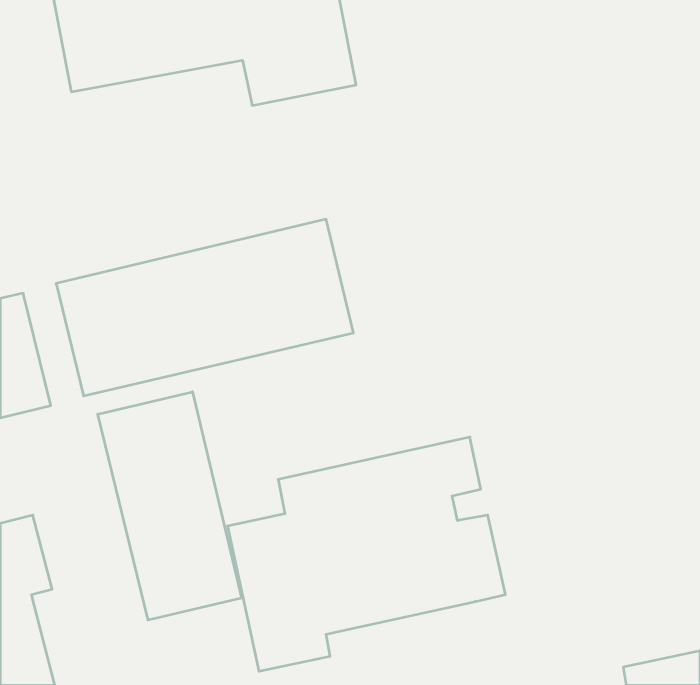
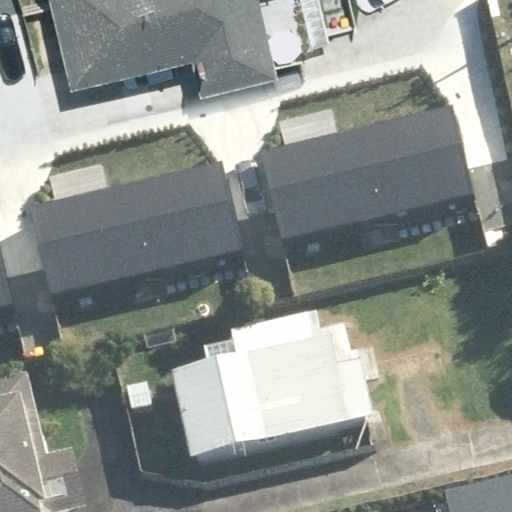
building: none -> [266,103,482,232]
building: [98,392,242,620] -> none

